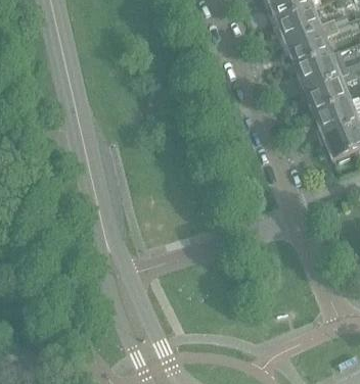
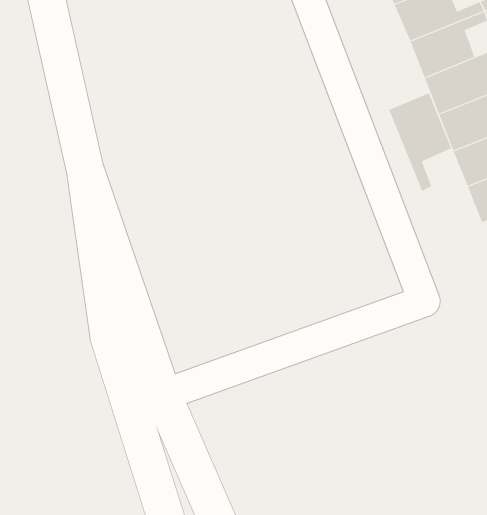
building: none -> [389,93,452,191]

